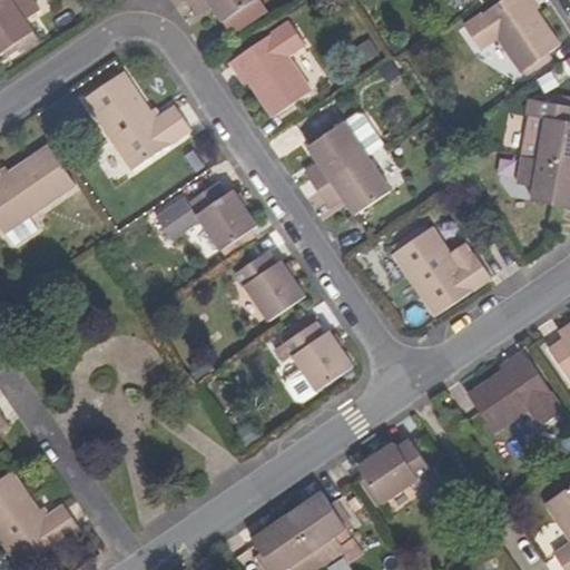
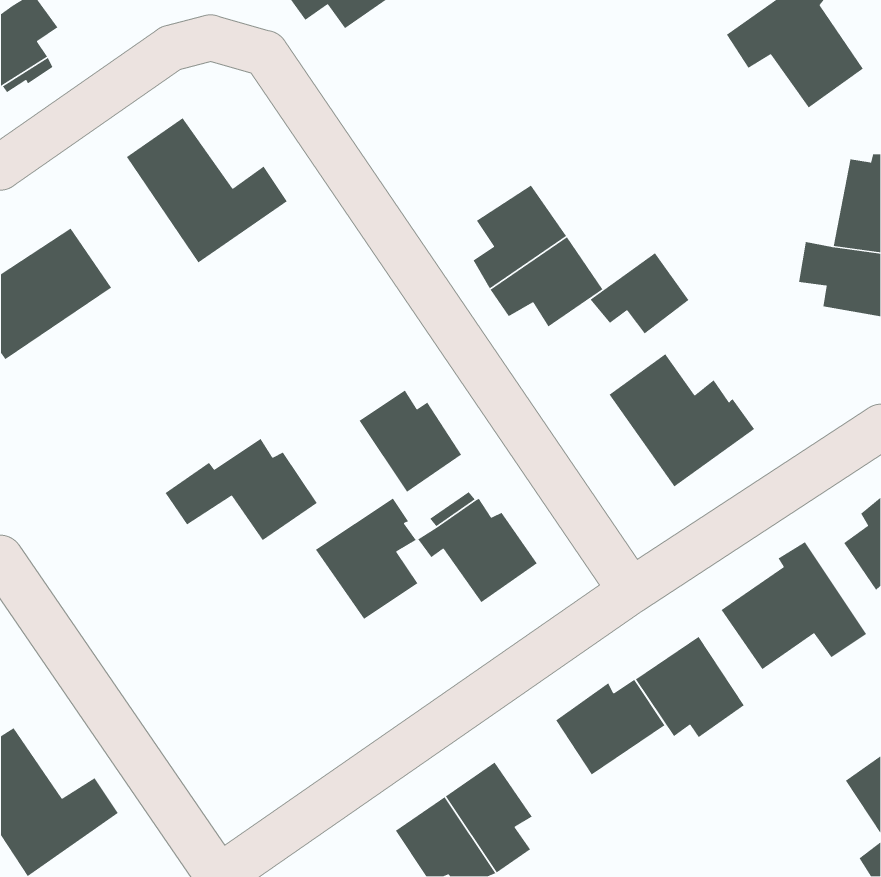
building: [230,20,312,114] -> none
building: none -> [590,252,689,334]
building: [151,180,250,247] -> [164,438,318,541]
building: none -> [315,497,419,620]
building: none -> [635,636,745,738]

